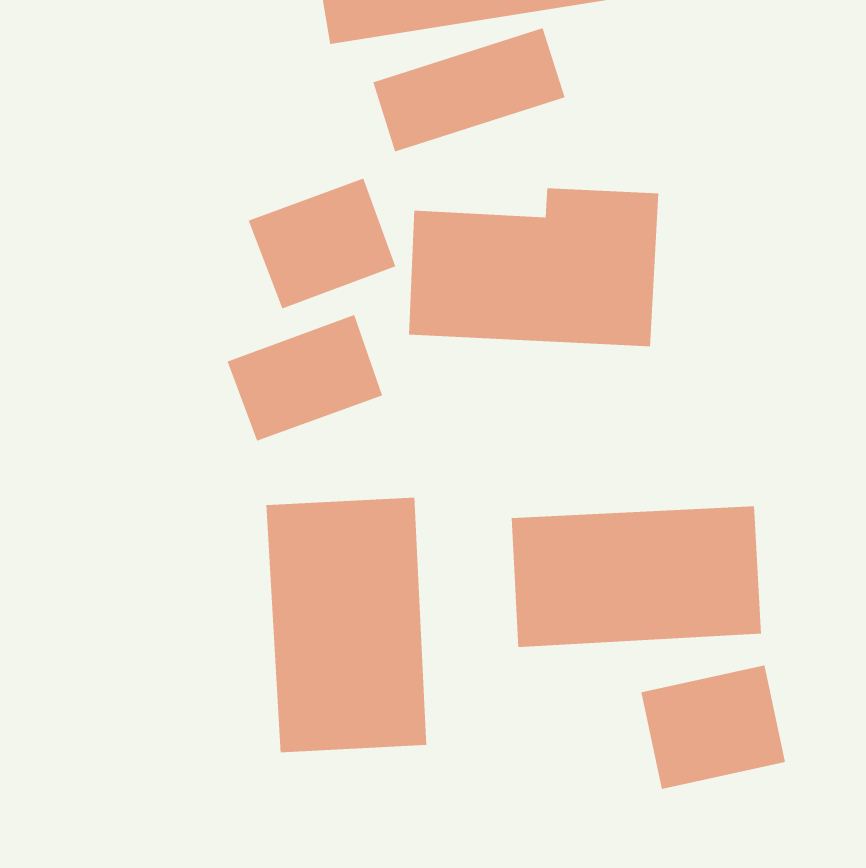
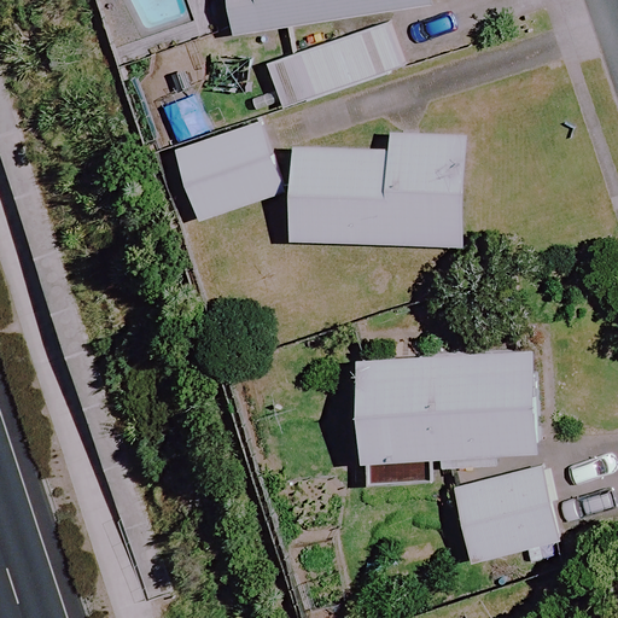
building: [227,314,383,442] -> none
building: [266,497,427,753] -> none

